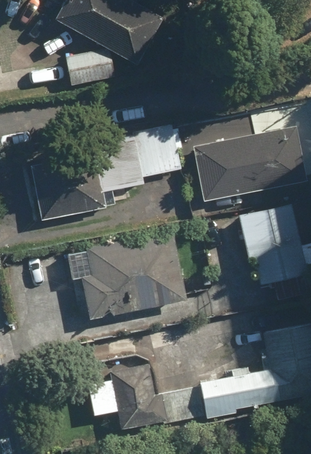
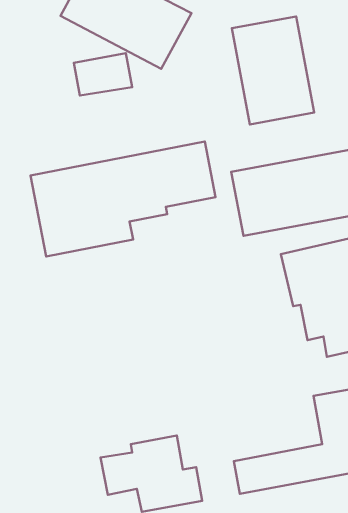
building: none -> [232,16,314,124]
building: [66,230,185,317] -> none

